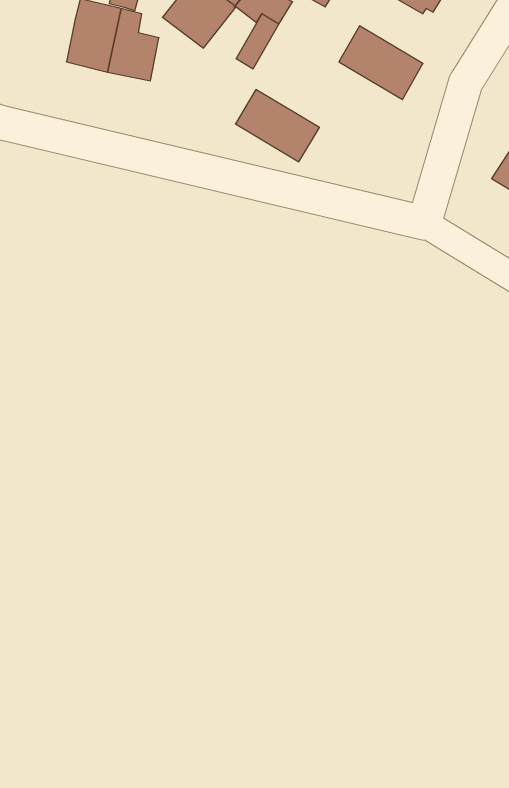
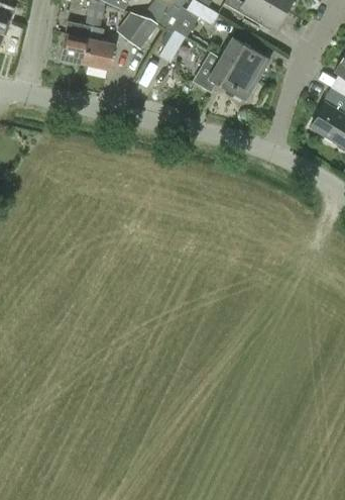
building: [235,90,319,162] -> [208,58,257,100]

